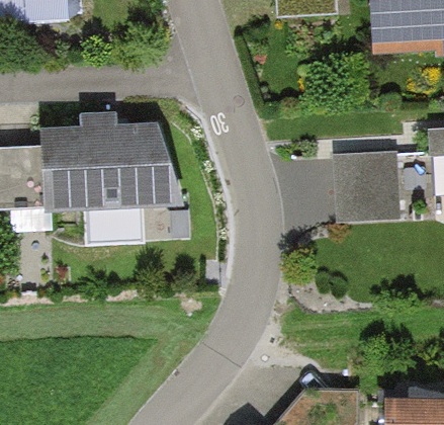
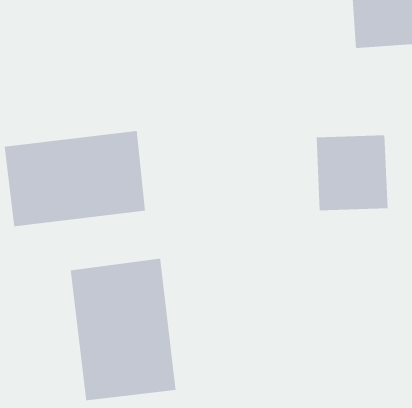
building: none -> [70,258,176,401]

